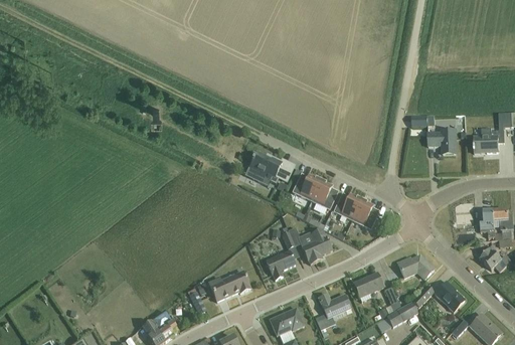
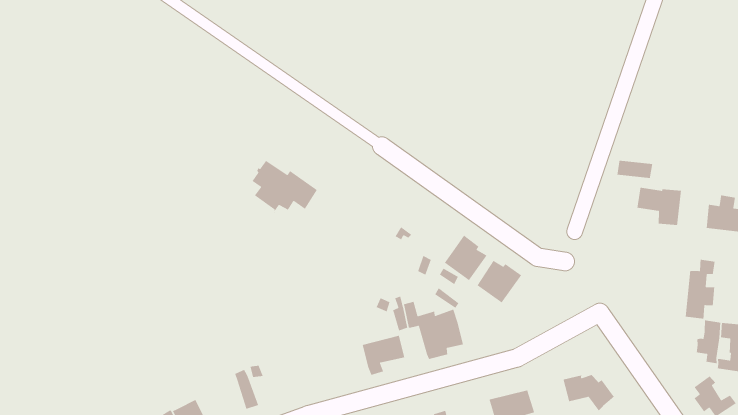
building: [248,152,292,185] -> [252,160,318,213]
building: none -> [685,259,716,320]
building: [292,173,320,199] -> none
building: [351,199,378,228] -> none
building: [208,270,249,300] -> none

